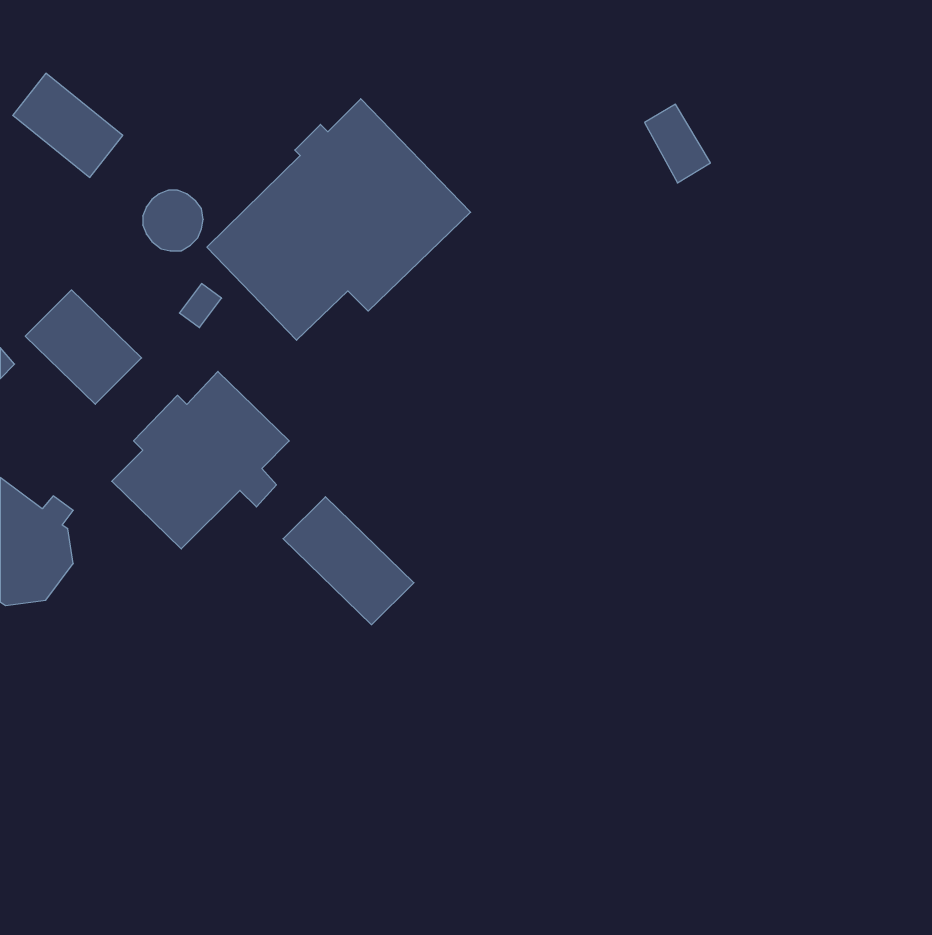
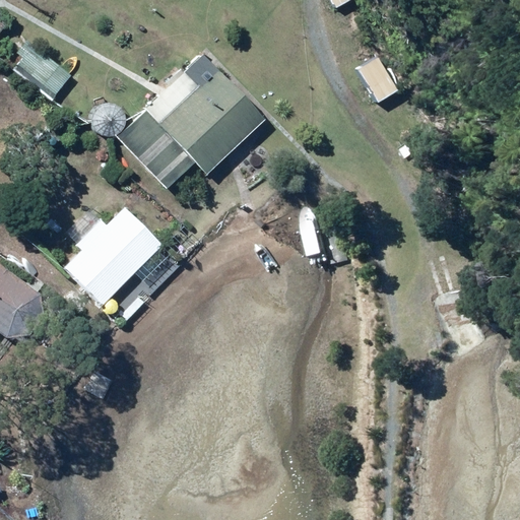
building: [25,290,142,404] -> none
building: [283,497,414,625] -> none

